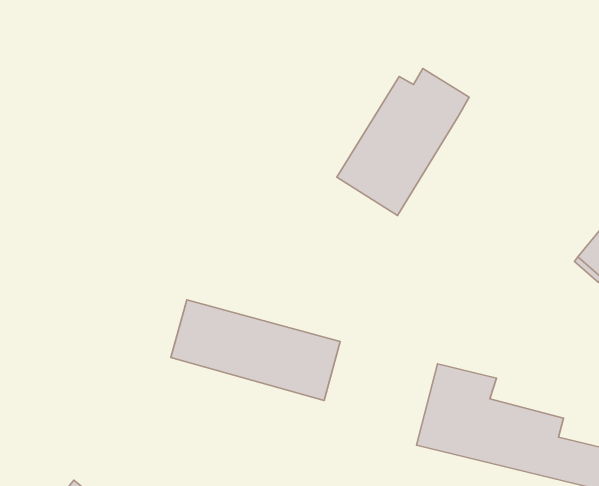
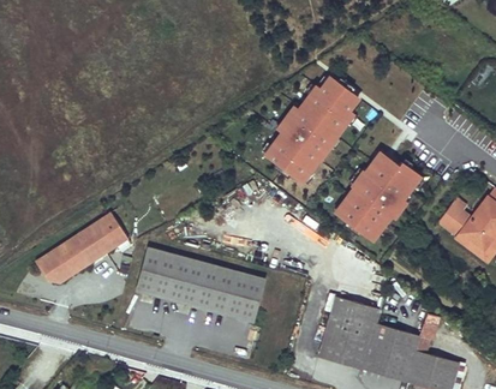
building: none -> [330,145,420,243]
building: none -> [34,217,126,286]

